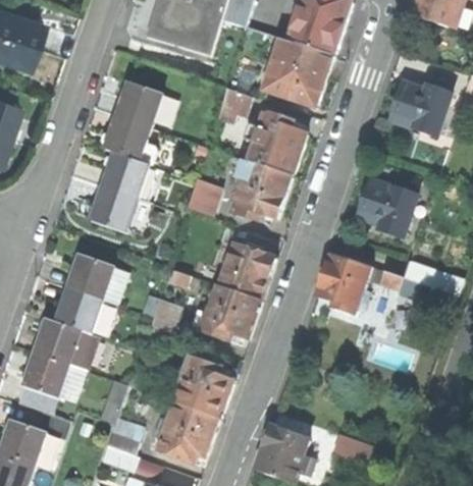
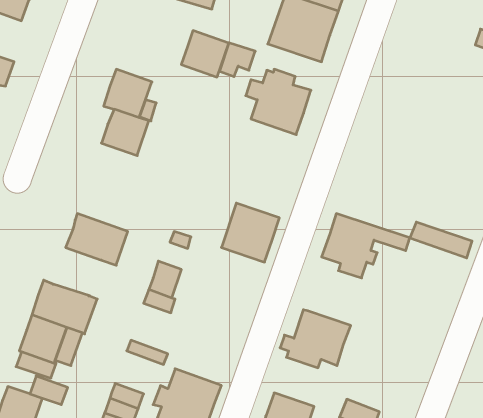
building: [116,80,162,125] -> [181,31,229,77]
building: [390,85,449,133] -> none
building: [230,160,291,220] -> none
building: [186,178,220,216] -> none
building: [358,180,415,234] -> none
building: [90,184,137,231] -> none
building: [192,284,260,340] -> [280,310,351,368]
building: [55,285,102,332] -> none
building: [173,356,232,419] -> none

